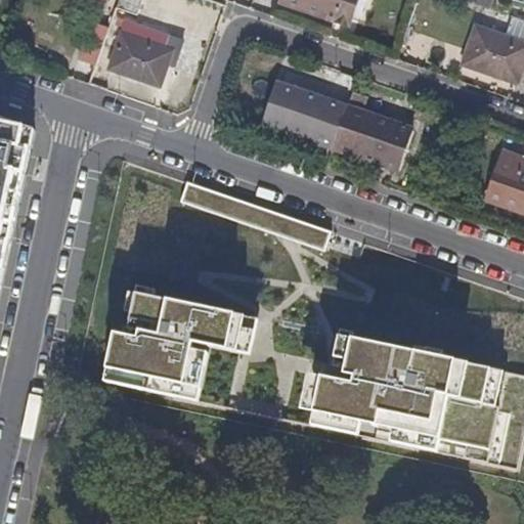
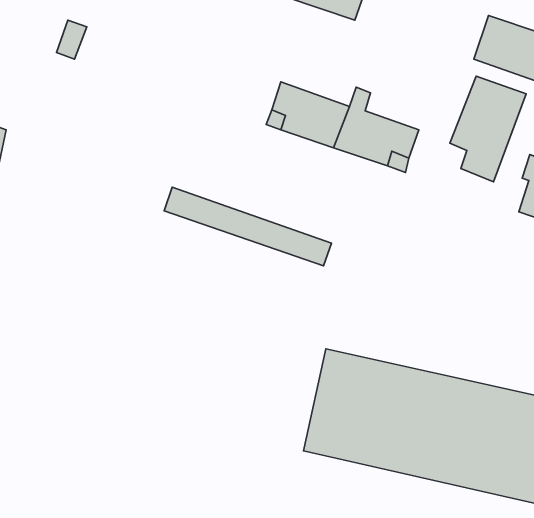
building: [107,29,181,83] -> none
building: none -> [450,76,526,182]
building: [101,290,254,401] -> none

